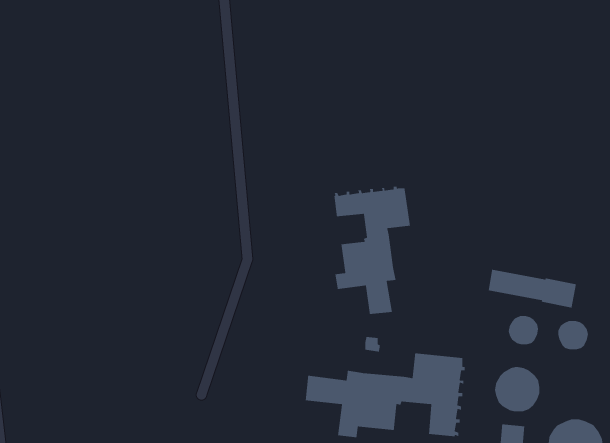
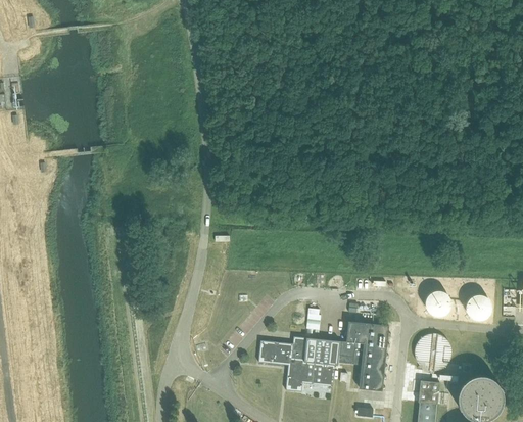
building: [333,186,411,315] -> none
building: [488,269,577,308] -> none

